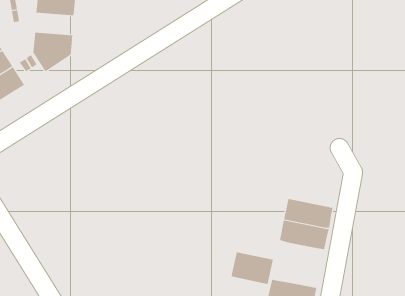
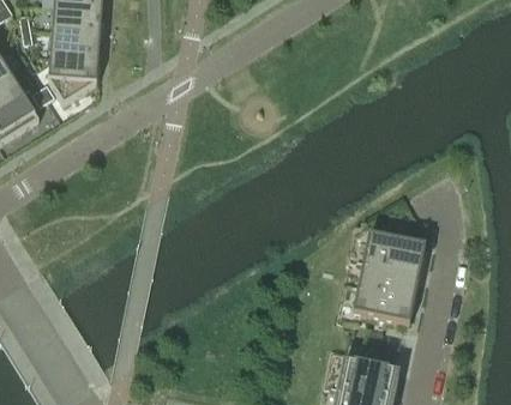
building: none -> [50,29,100,56]
building: none -> [363,230,426,268]
building: [231,251,273,285] -> none

